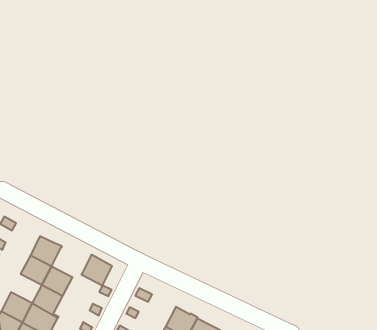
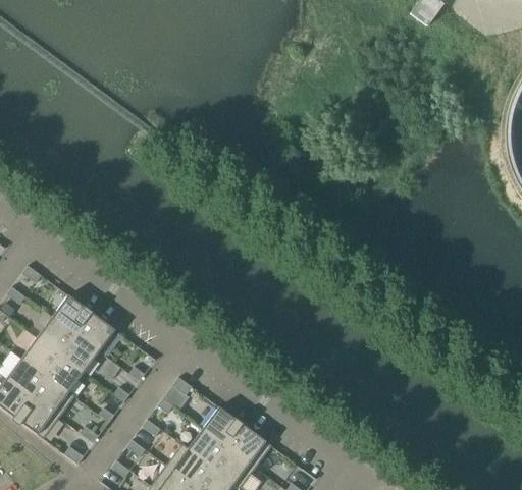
building: [81,255,112,285] -> [76,313,115,351]
building: none -> [22,337,61,375]

